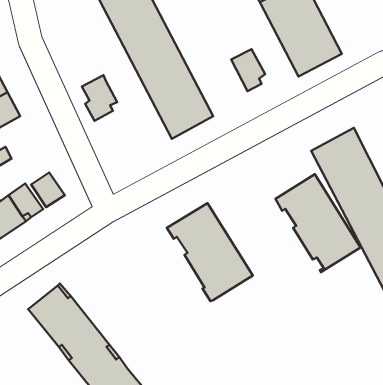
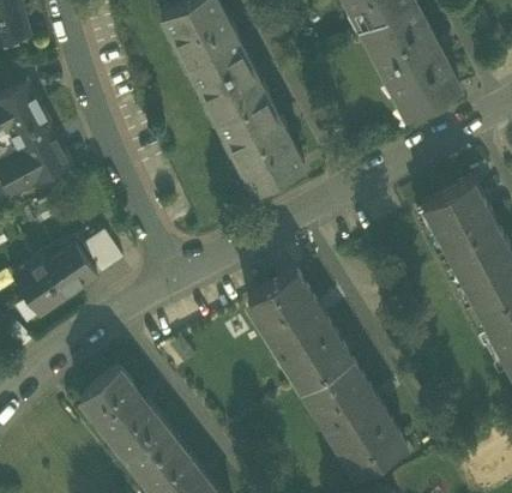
building: [231,49,265,91] -> none
building: [82,75,117,121] -> none
building: [275,174,360,272] -> [302,356,405,475]

